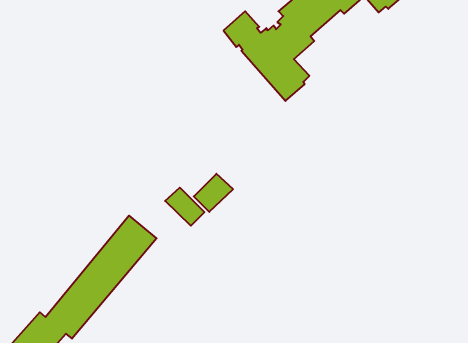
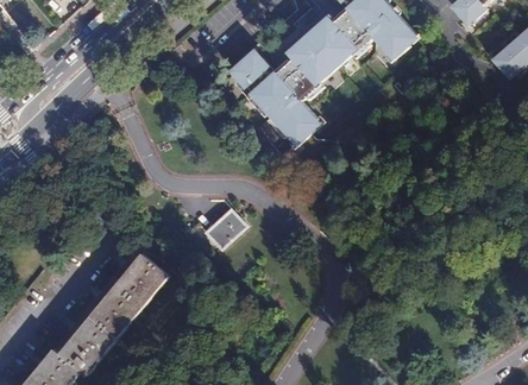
building: [165,188,204,226] -> none

